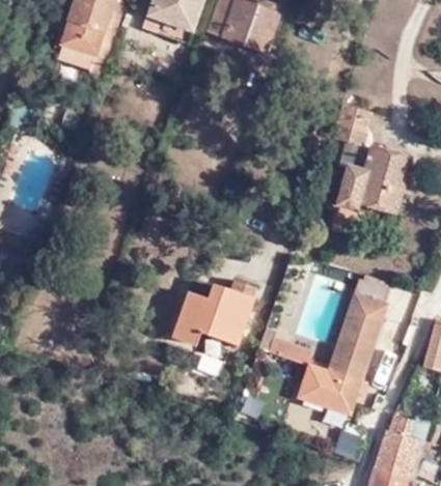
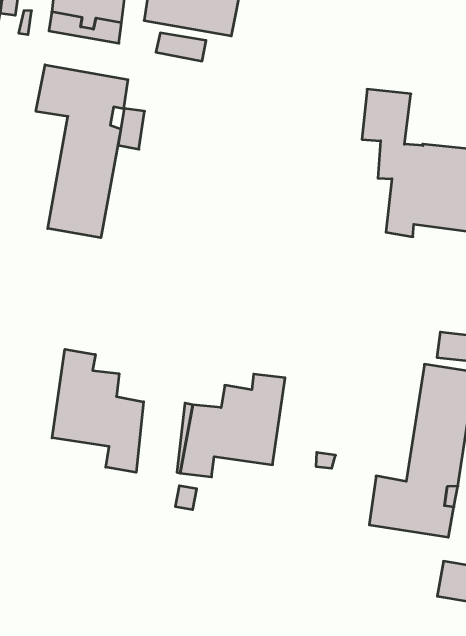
building: none -> [36,65,128,238]
building: none -> [52,349,144,472]

